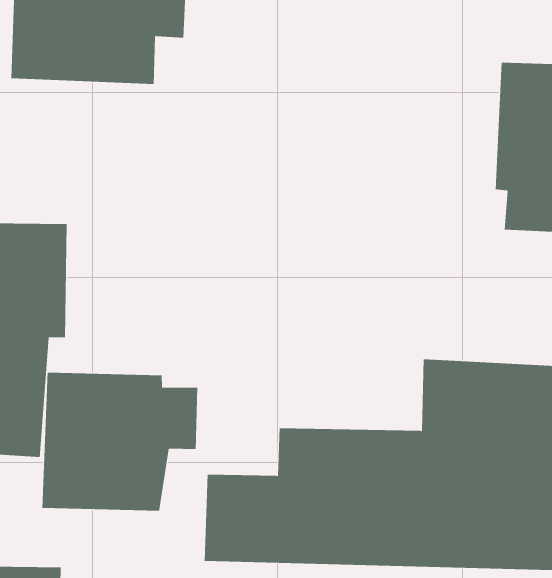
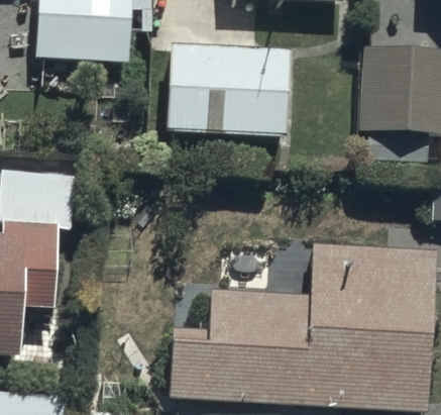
building: none -> [164,42,286,137]
building: [42,372,198,512] -> none

